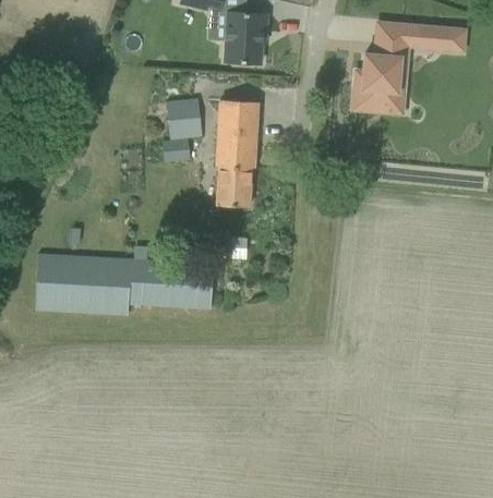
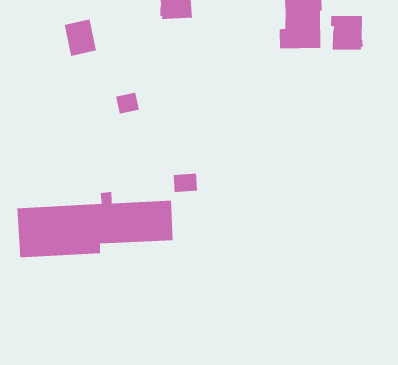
building: none -> [330,15,363,50]
building: [167,98,201,138] -> [64,19,97,57]
building: [217,100,258,207] -> none

